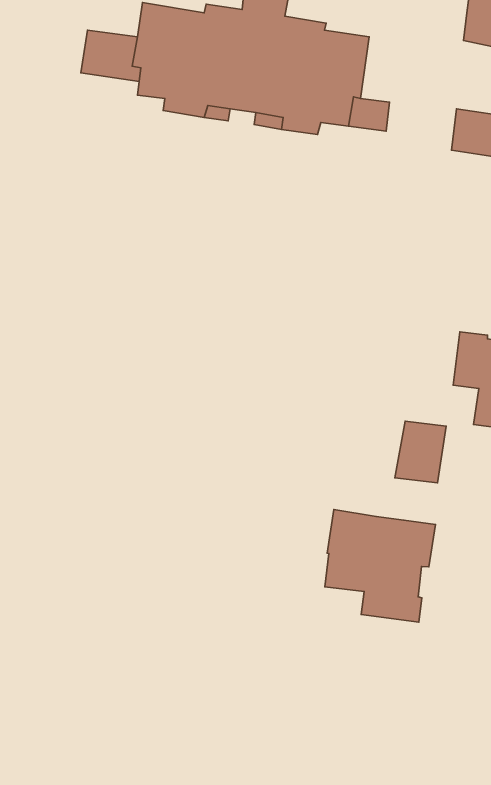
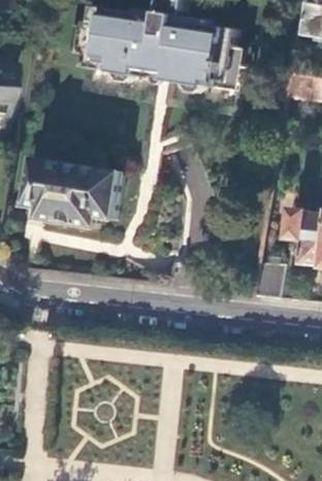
building: none -> [24,157,123,227]
building: [325,509,435,622] -> none

